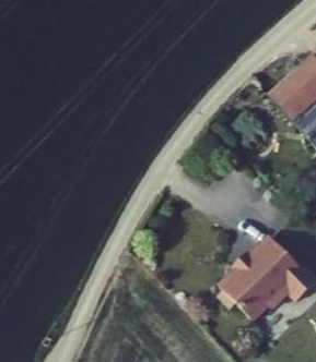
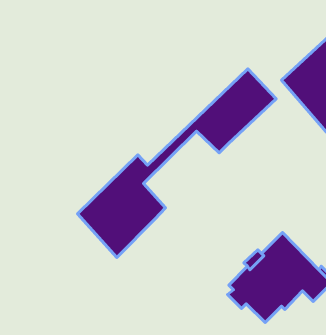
building: none -> [77,69,276,258]

